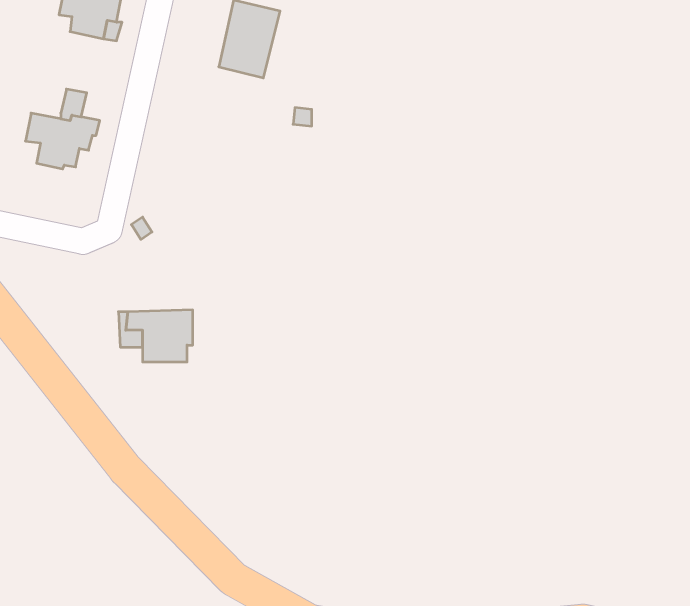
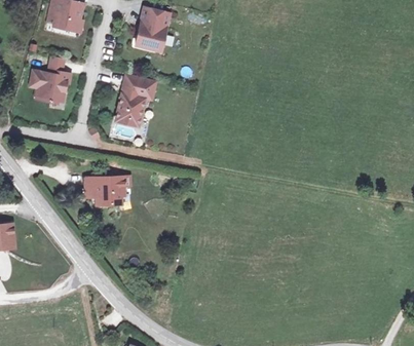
building: none -> [117,73,157,124]

